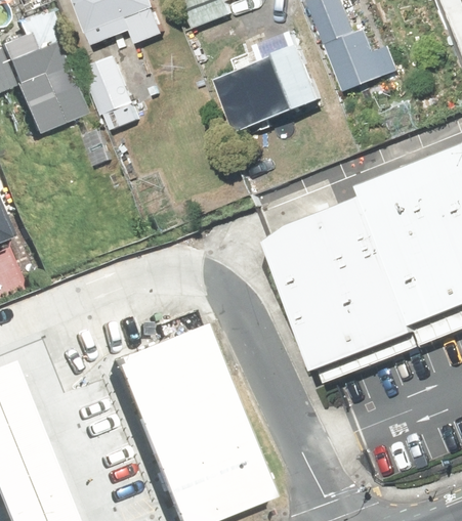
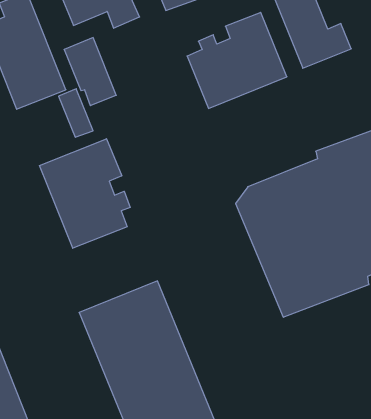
building: none -> [40,139,130,248]

